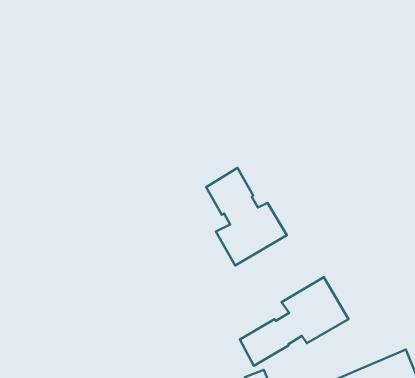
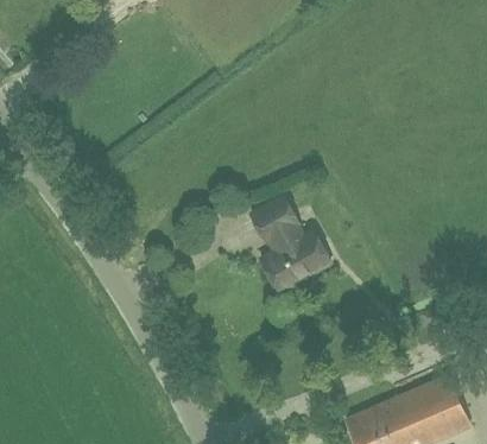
building: [240,277,348,366] -> none

